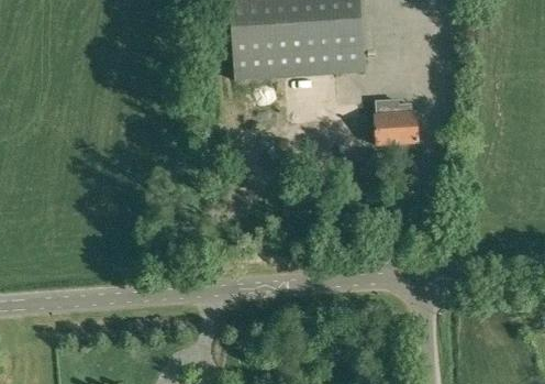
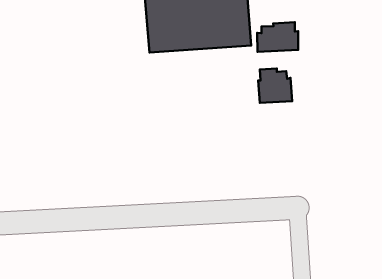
building: none -> [257,22,298,52]

